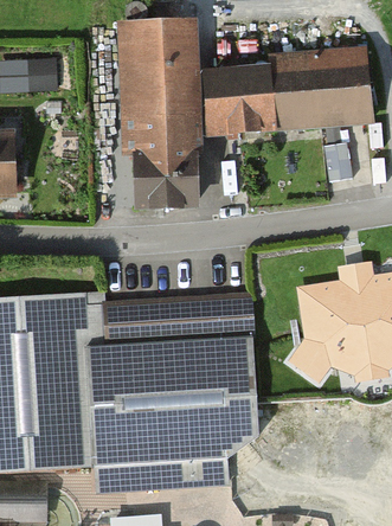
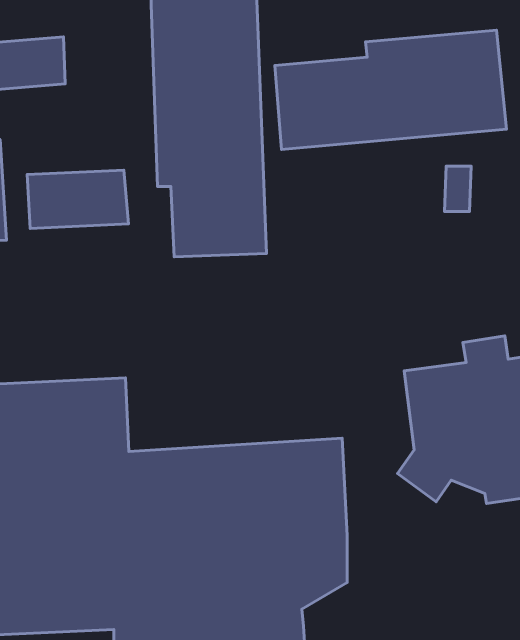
building: none -> [27,170,129,229]
building: [108,296,248,338] -> none

